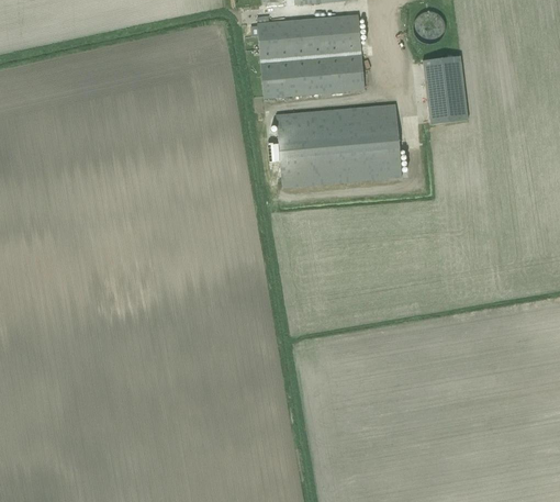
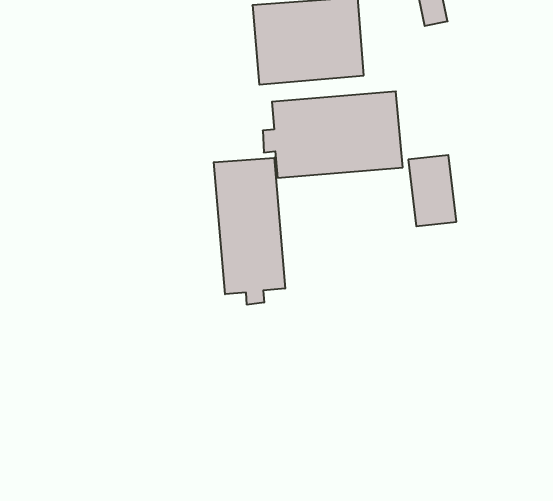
building: [422,56,468,124] -> [408,155,456,226]
building: none -> [214,158,285,305]

